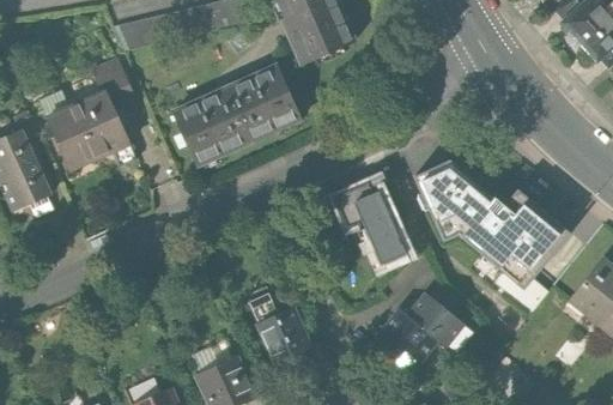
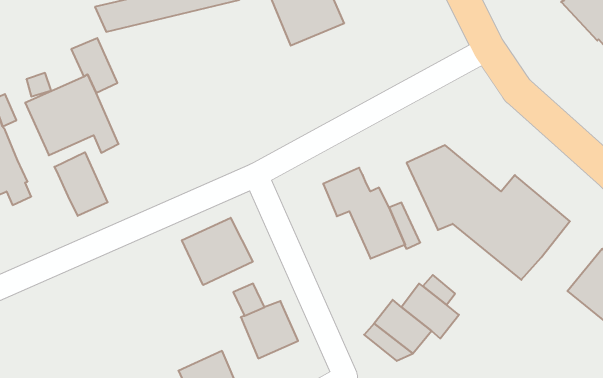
building: [172,65,301,164] -> none
building: none -> [54,152,108,216]
building: none -> [182,218,253,285]

